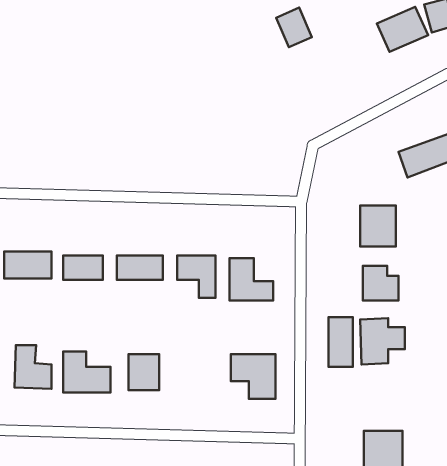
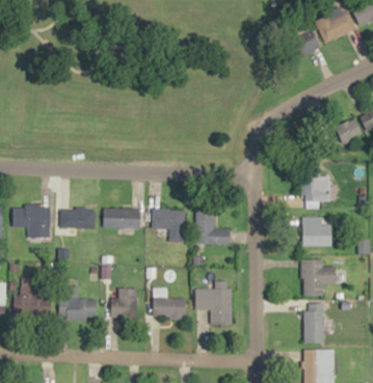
building: [276,8,312,47] -> [291,24,320,56]
building: [329,317,353,367] -> [303,303,323,344]
building: none -> [152,298,186,320]

